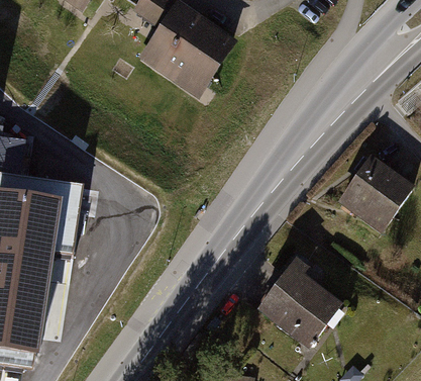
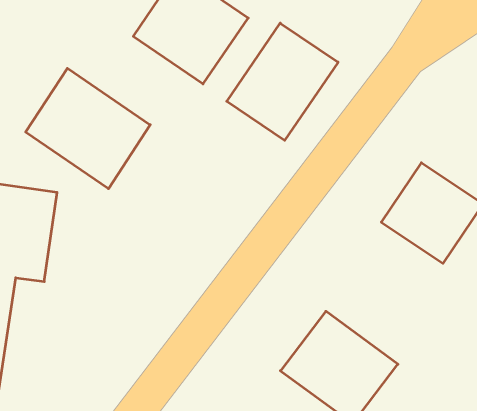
building: none -> [227,23,338,140]
building: none -> [26,68,150,189]

